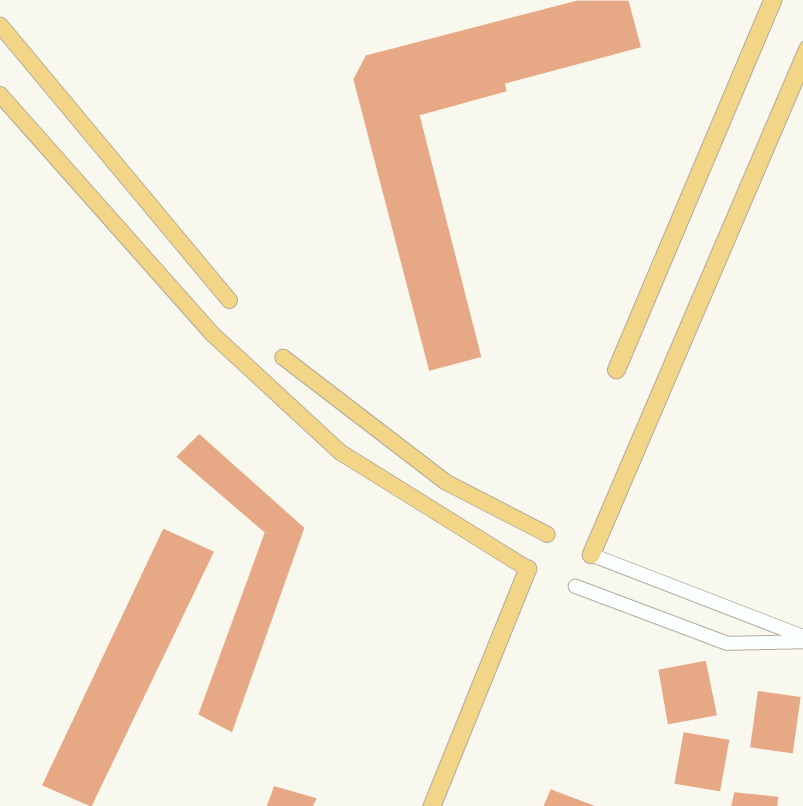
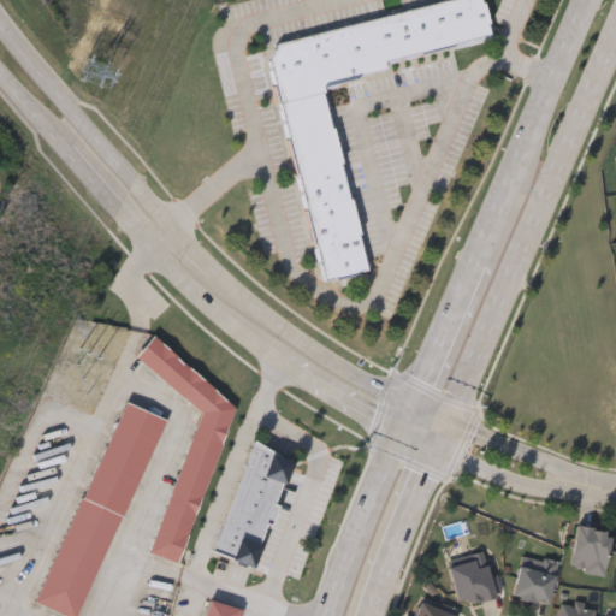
building: none -> [213,444,297,569]
building: [658,660,718,725] -> [452,557,498,606]

